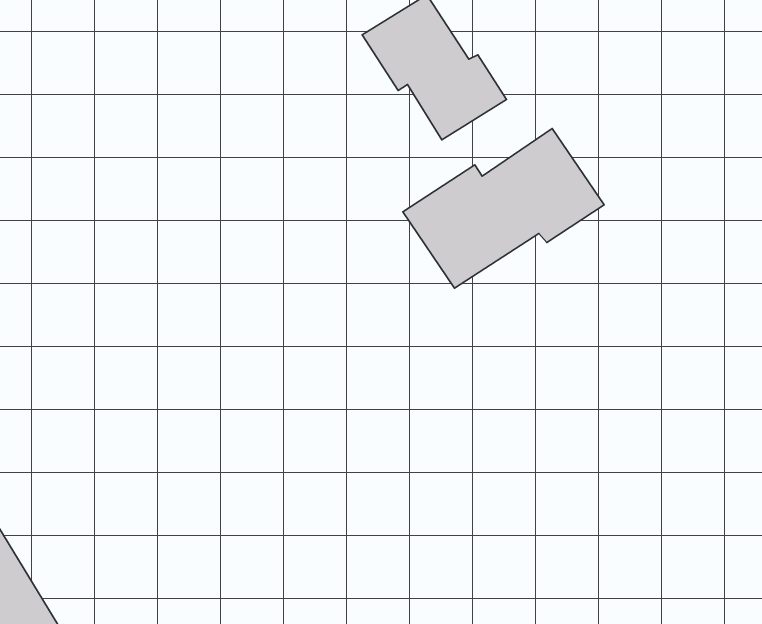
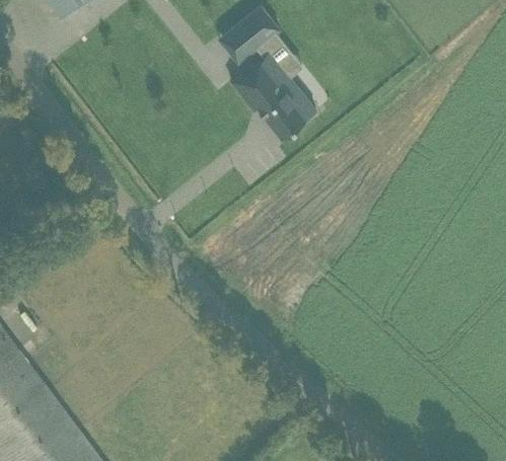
building: [403,129,604,288] -> none

